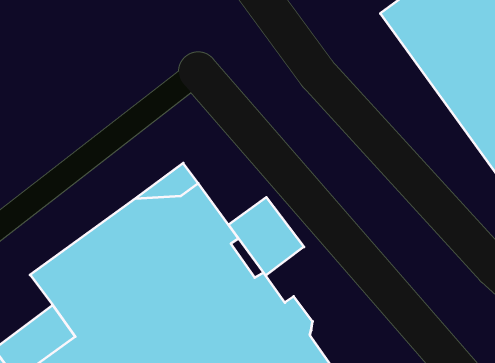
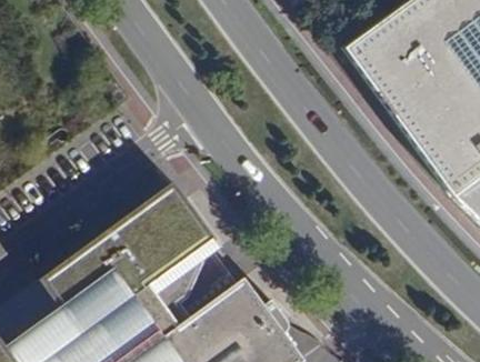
building: [229,197,304,275] -> none

